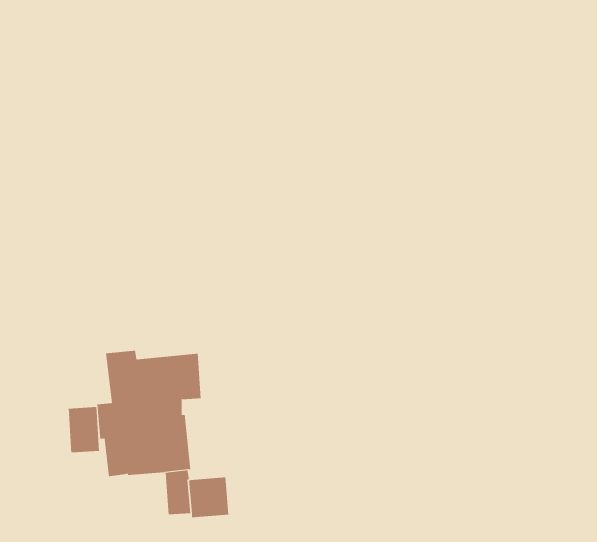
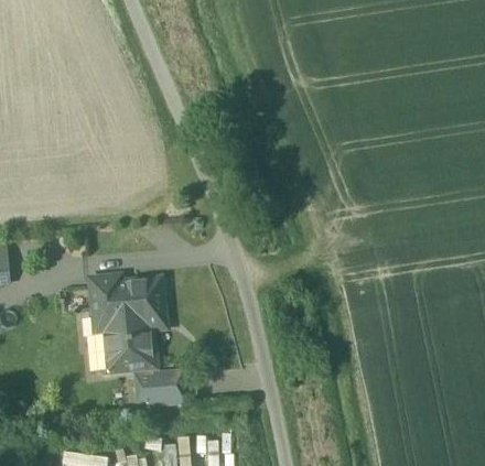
building: [68,406,100,453] -> none

